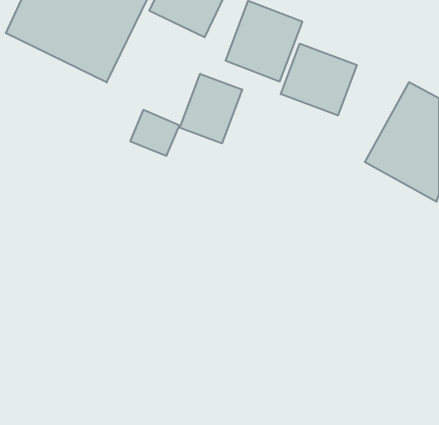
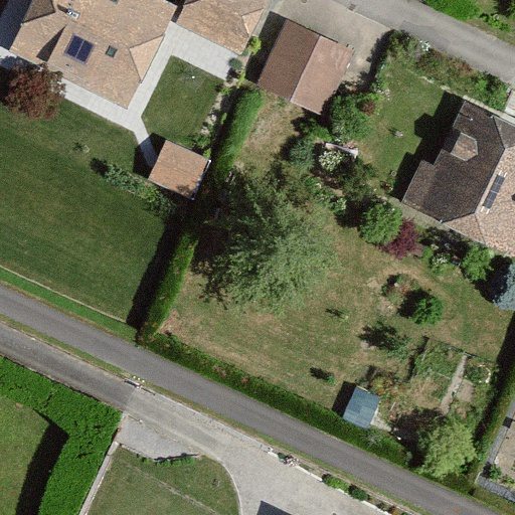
building: [281,44,357,115] -> none
building: [180,74,242,143] -> none

